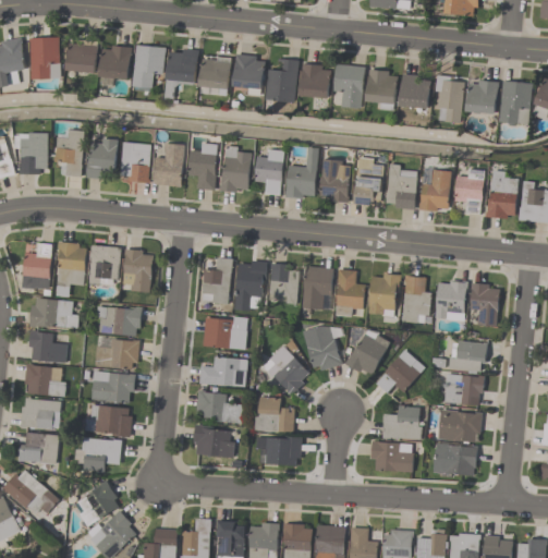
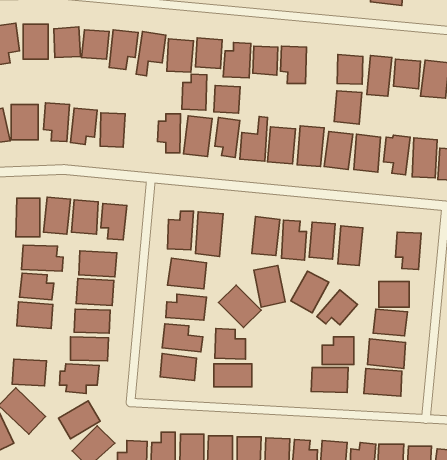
building: [365,70,398,109] -> [334,91,362,124]
building: none -> [214,85,240,113]
building: [154,144,183,186] -> [182,74,207,110]
building: [267,263,300,304] -> none
building: [434,279,467,322] -> none
building: [20,399,59,429] -> none

